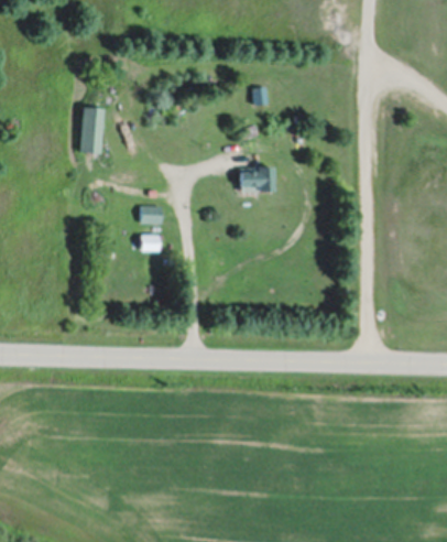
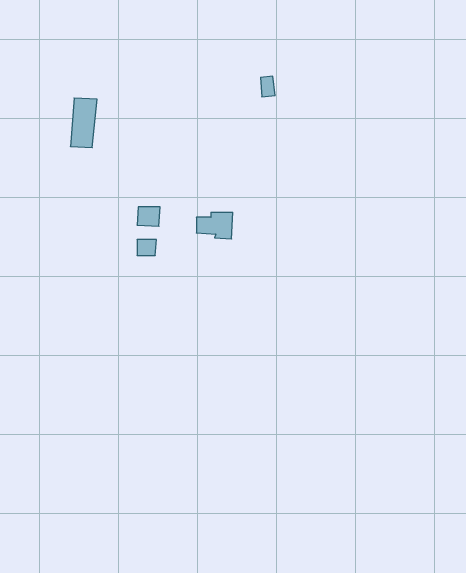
building: [240,169,273,193] -> [196,212,233,239]

